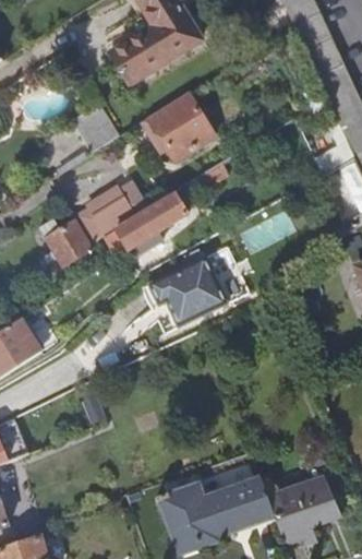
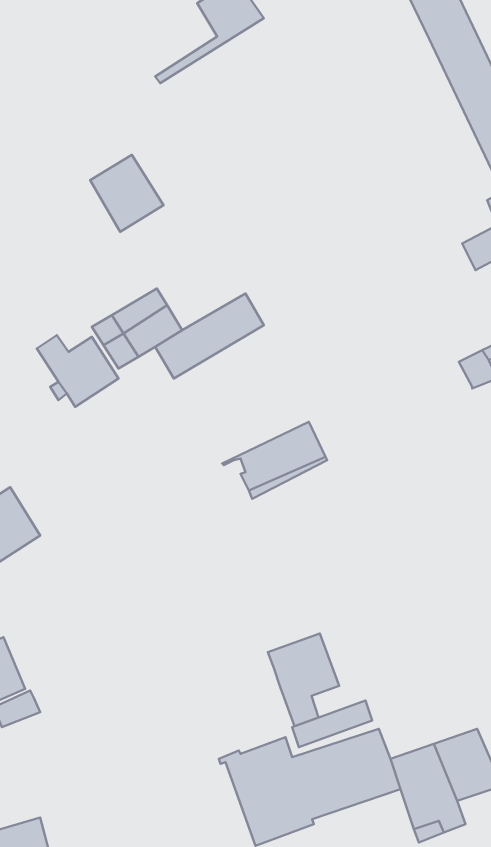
building: [111,12,201,82] -> none
building: [140,93,213,162] -> none
building: [149,254,215,304] -> none
building: none -> [268,634,339,726]

